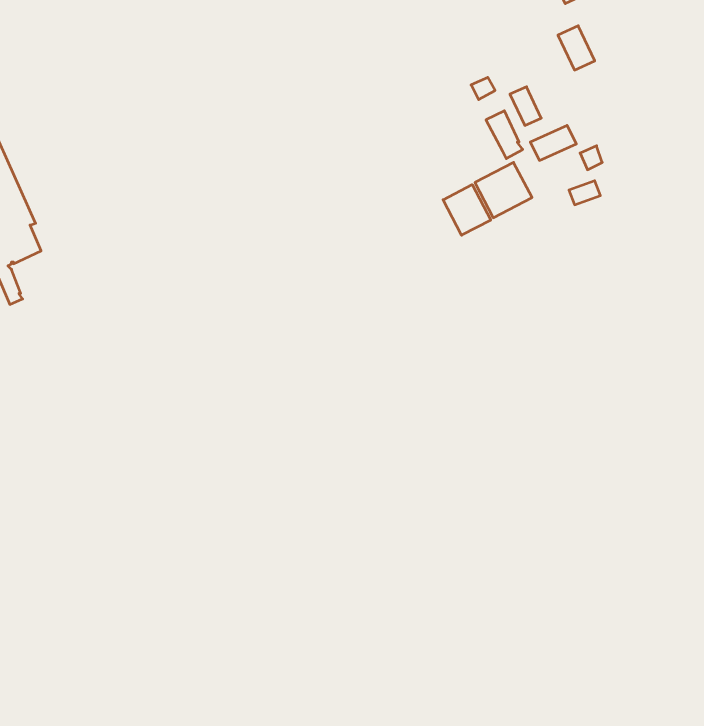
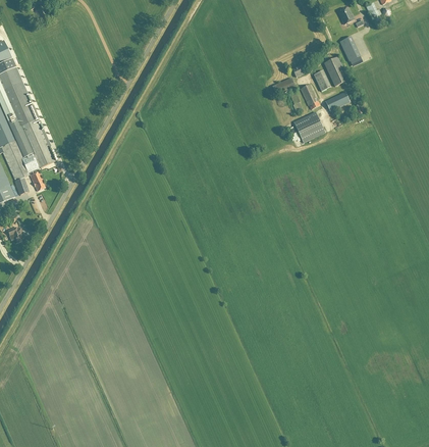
building: none -> [323,56,347,86]
building: [443,185,491,235] -> none

